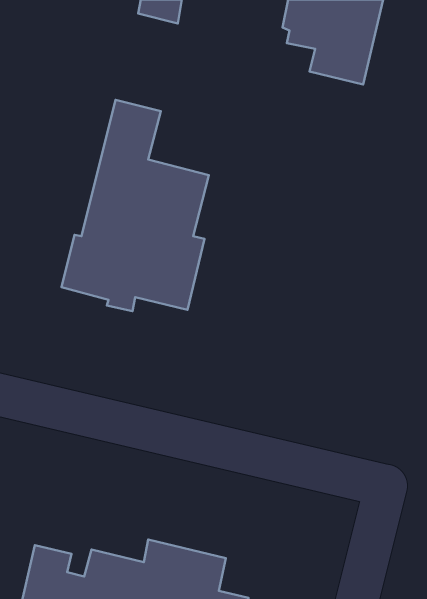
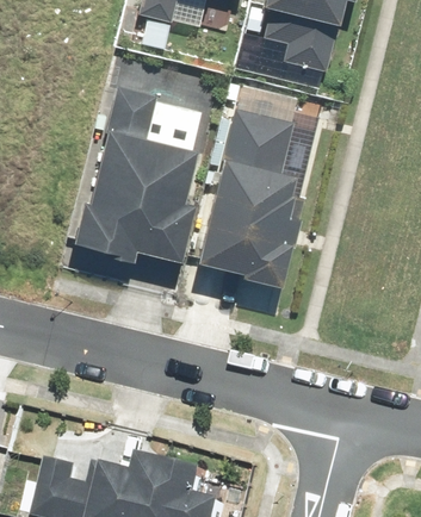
building: none -> [198,106,304,285]

